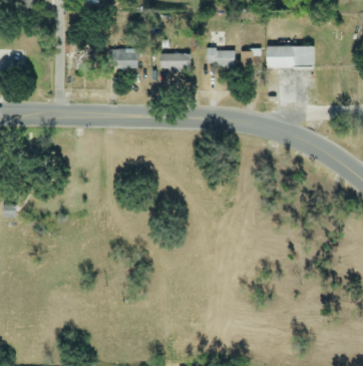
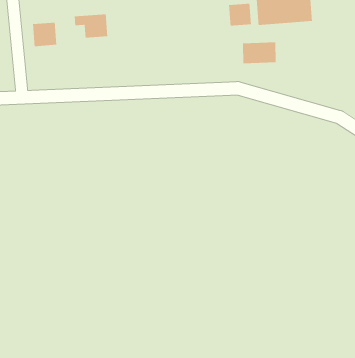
building: [206,49,236,68] -> [242,42,276,64]
building: [159,53,190,71] -> none

